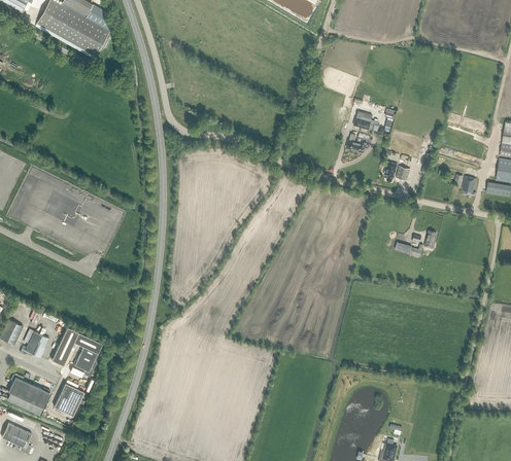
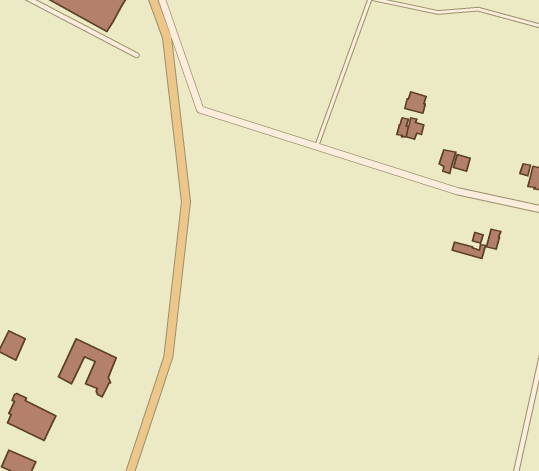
building: [21,330,49,356] -> none
building: [55,382,84,415] -> none

